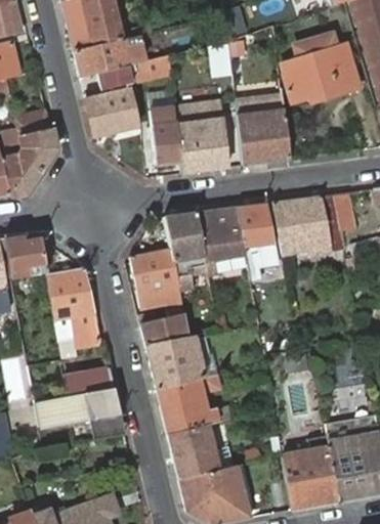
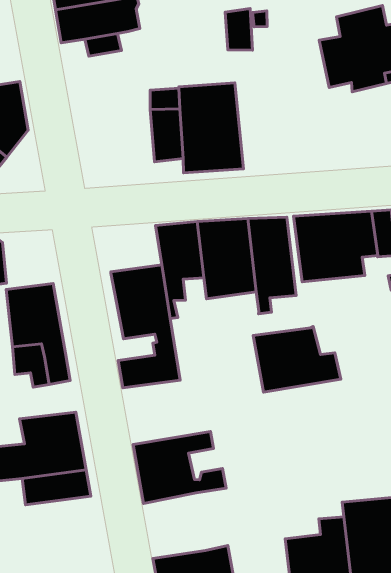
building: [131,54,169,93] -> none
building: [82,84,136,135] -> none
building: [235,93,288,165] -> none
building: [145,336,217,390] -> [253,327,341,392]
building: [168,425,219,479] -> none

